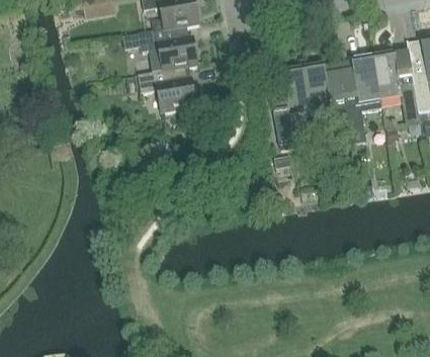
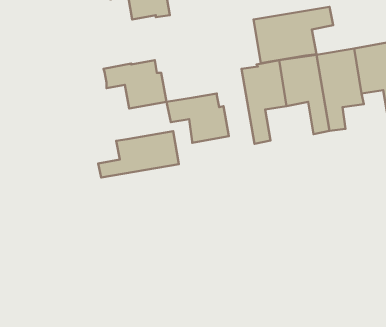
building: none -> [253,7,333,63]
building: [138,25,196,72] -> [167,93,229,143]
building: none -> [98,131,179,178]

